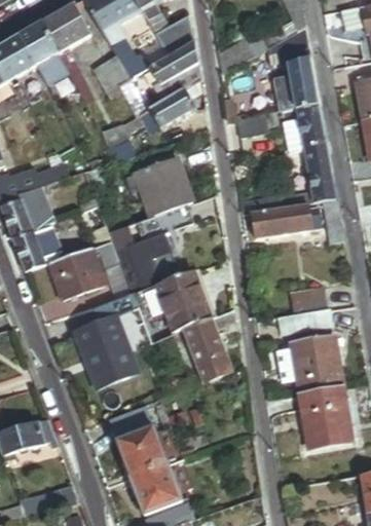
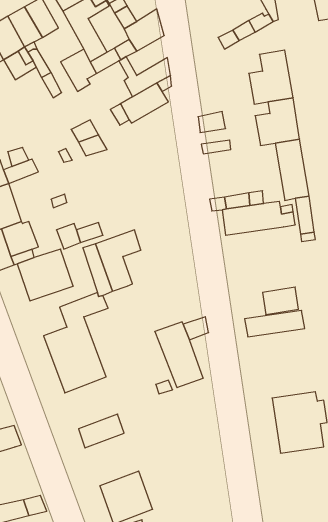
building: [134,159,188,216] -> none
building: [156,271,210,332] -> none
building: [290,336,339,393] -> none
building: [115,427,168,479] -> none

